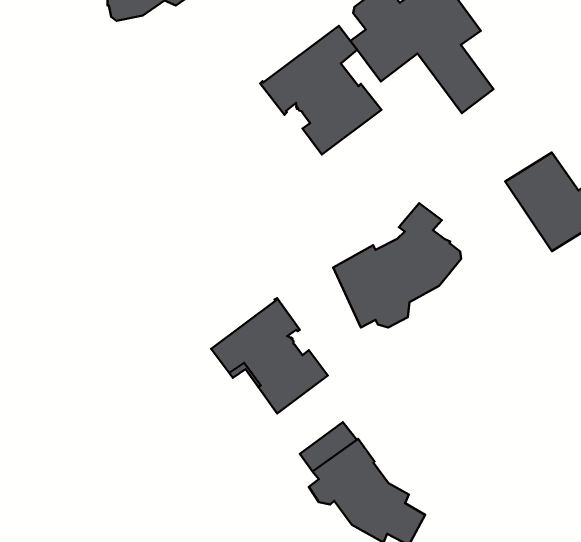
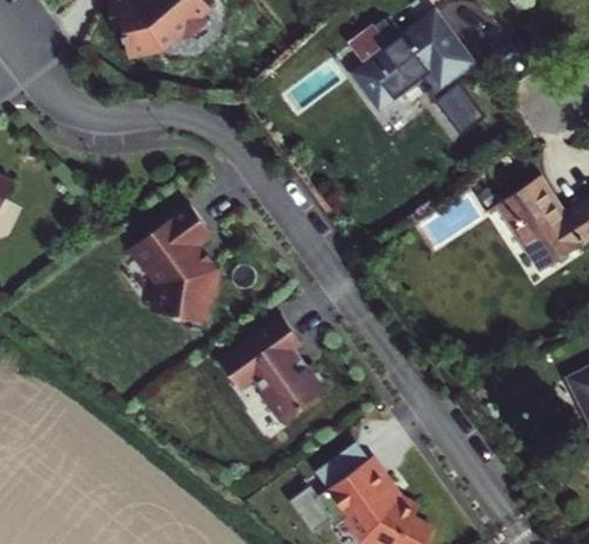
building: [260,26,381,154] -> none
building: none -> [130,205,220,324]
building: [333,203,461,327] -> none

